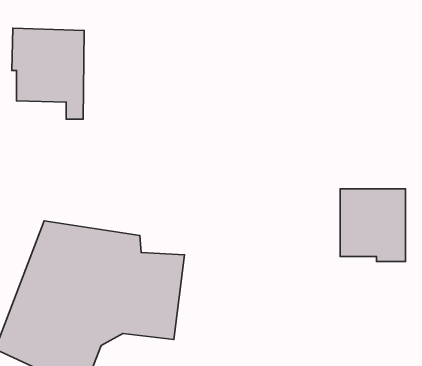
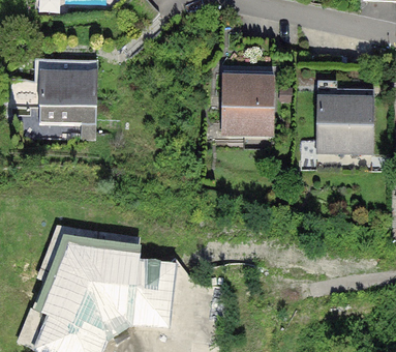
building: none -> [222,74,273,130]
building: [340,189,406,262] -> [317,91,373,153]

